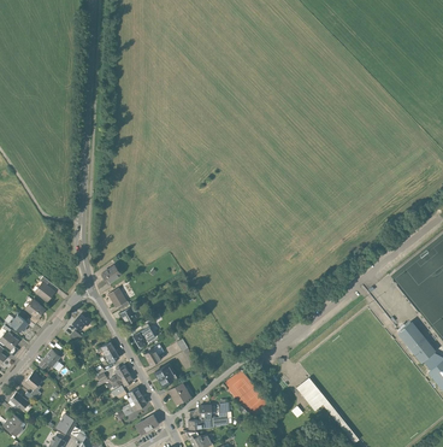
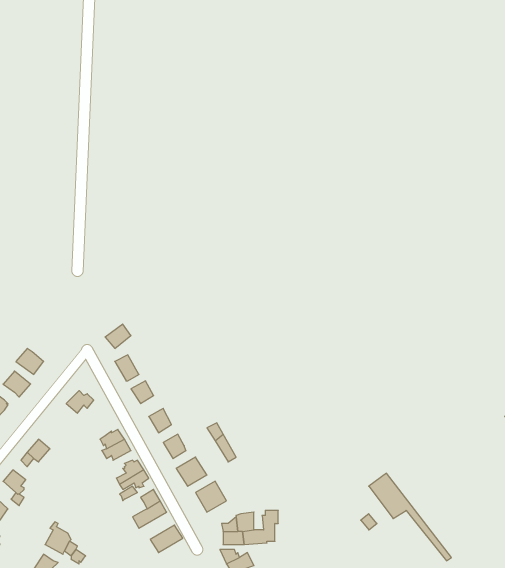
building: [224,370,258,406] -> none

